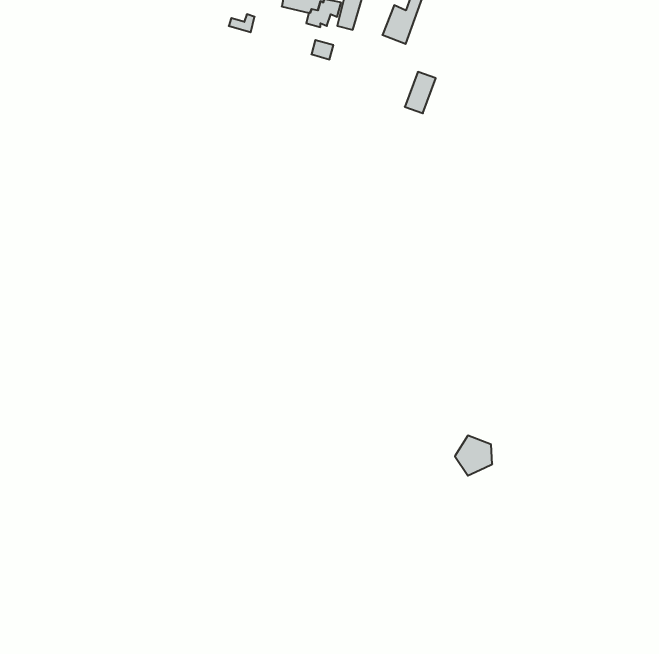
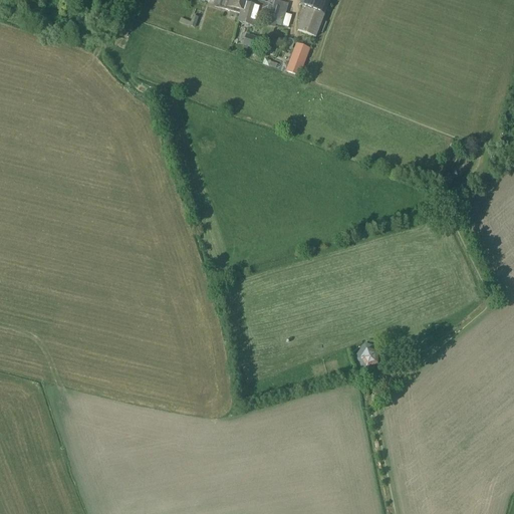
building: [405,72,436,113] -> [286,40,310,72]

